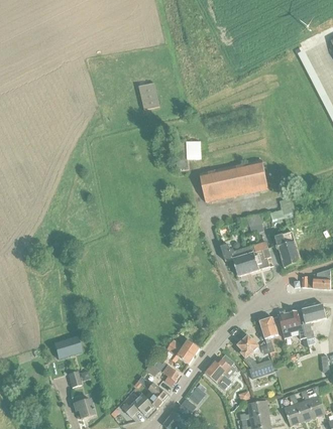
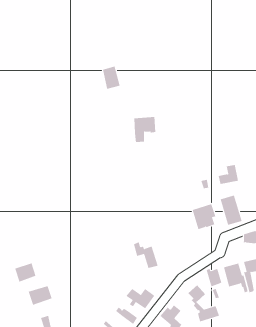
building: [199,160,267,201] -> none
building: [220,244,249,275] -> [133,242,158,269]
building: none -> [14,263,36,283]

